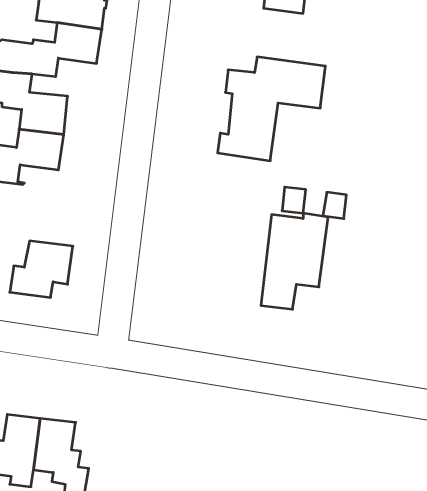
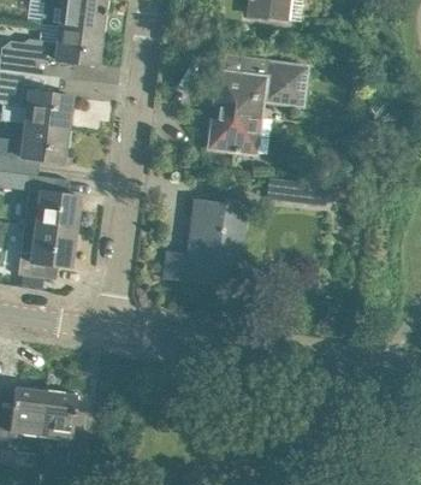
building: none -> [23,175,79,232]
building: [261,213,328,309] -> [184,196,245,284]

